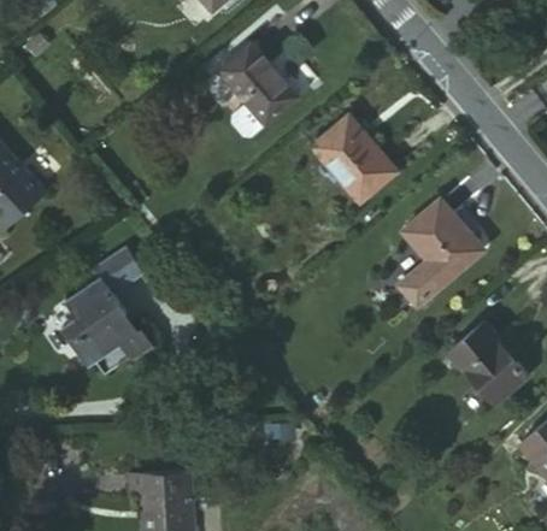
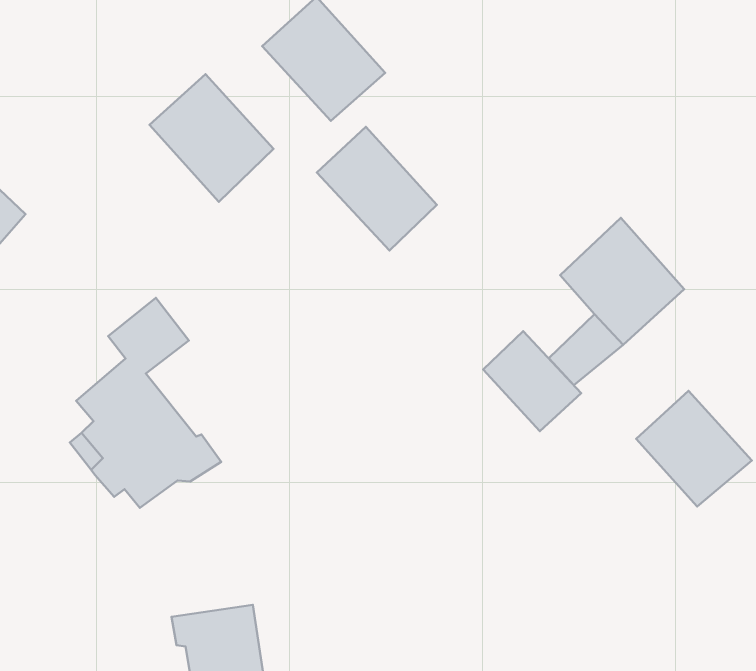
building: none -> [150,74,273,202]
building: [314,116,394,200] -> [317,127,437,250]
building: none -> [483,331,581,431]

